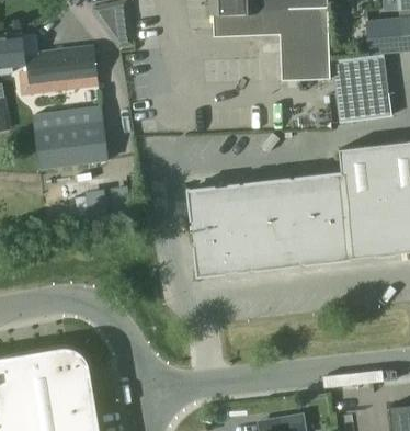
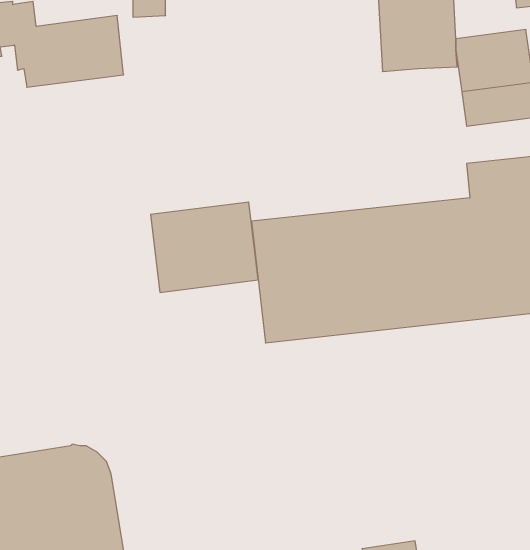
building: [32,106,107,170] -> [151,202,258,292]

